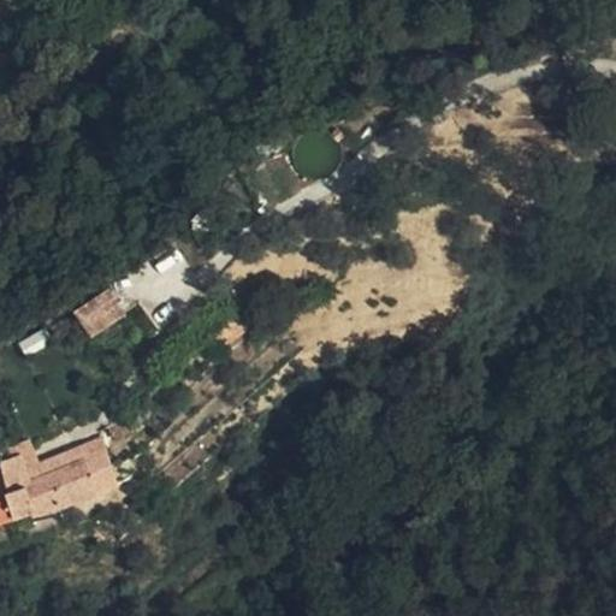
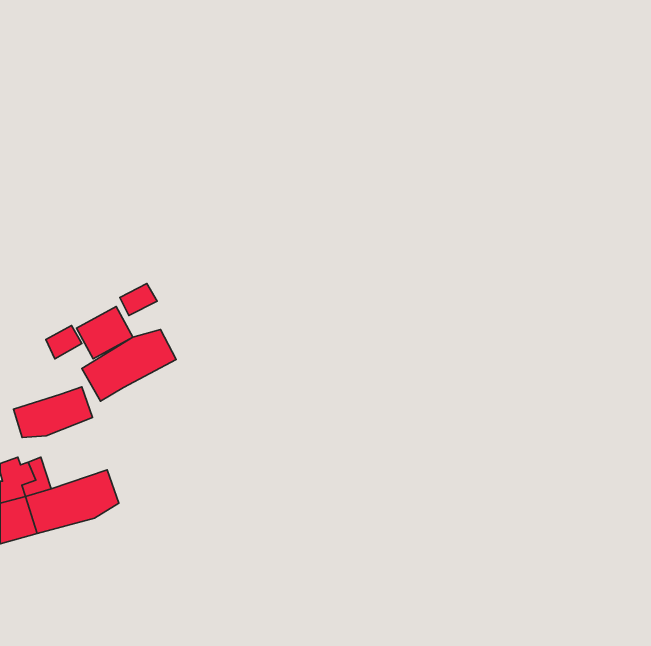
building: none -> [82,329,176,401]
building: none -> [14,387,92,437]

